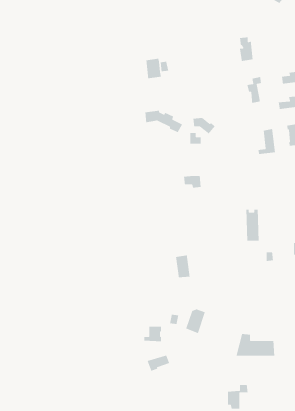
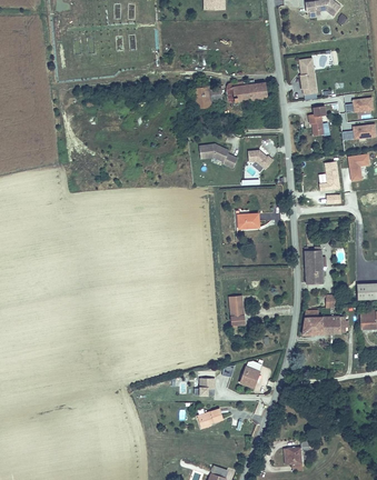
building: none -> [226,80,266,102]
building: [236,333,275,357] -> [302,309,346,334]

